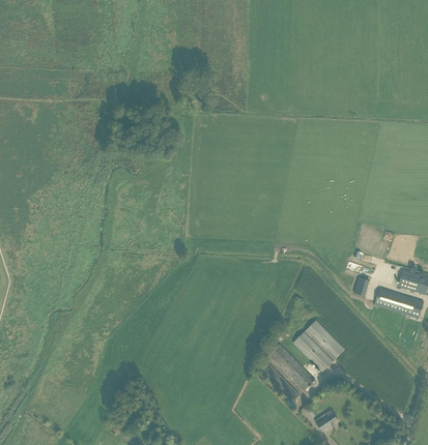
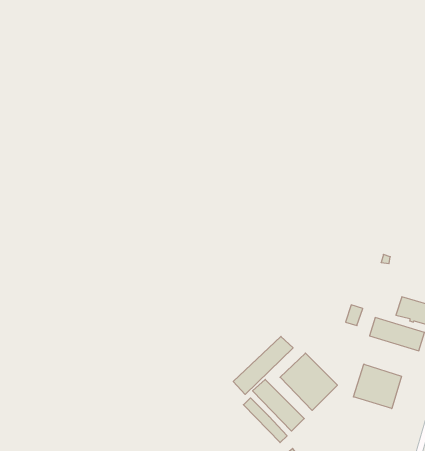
building: none -> [233,336,293,394]
building: none -> [353,364,401,409]

